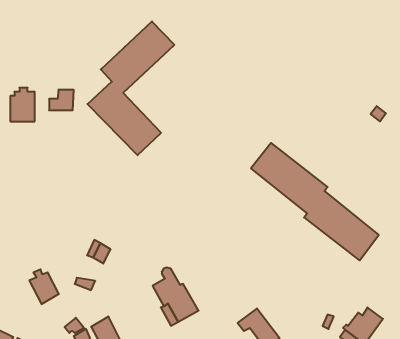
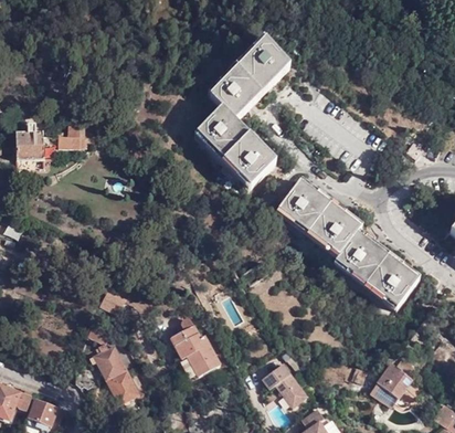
building: [87,21,174,155] -> [195,43,289,188]
building: [29,269,59,304] -> [91,344,123,381]

